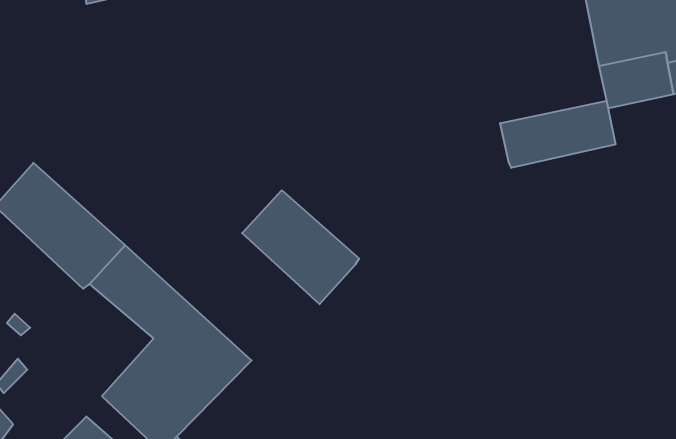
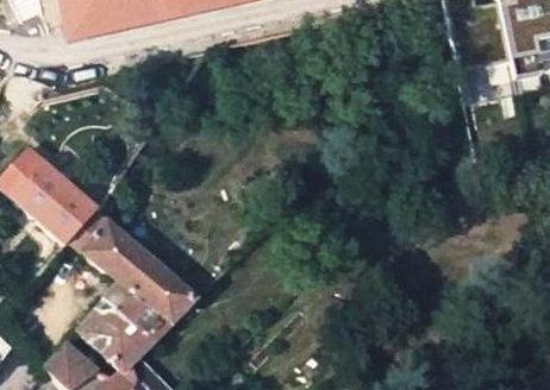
building: [500,101,616,168] -> none
building: [242,190,359,304] -> none

